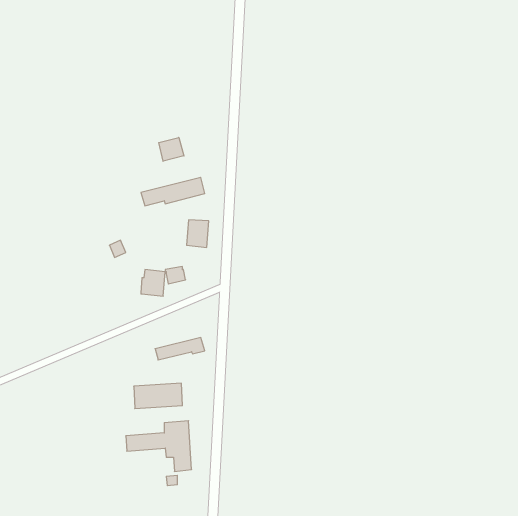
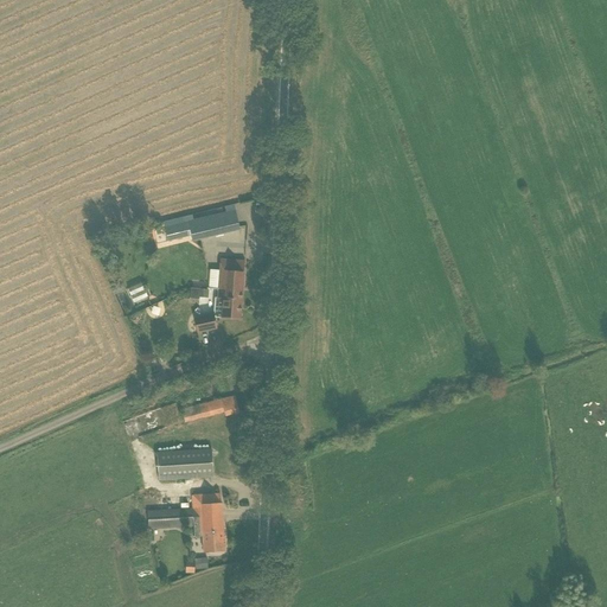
building: [159,137,184,161] -> none
building: [141,270,165,296] -> [213,287,242,318]

